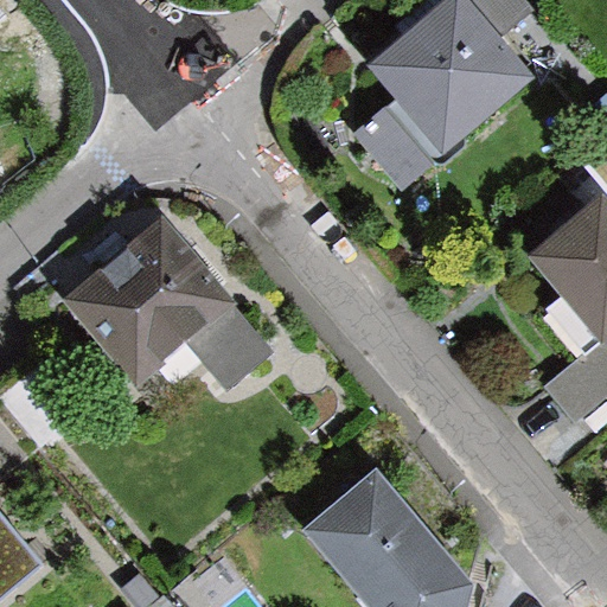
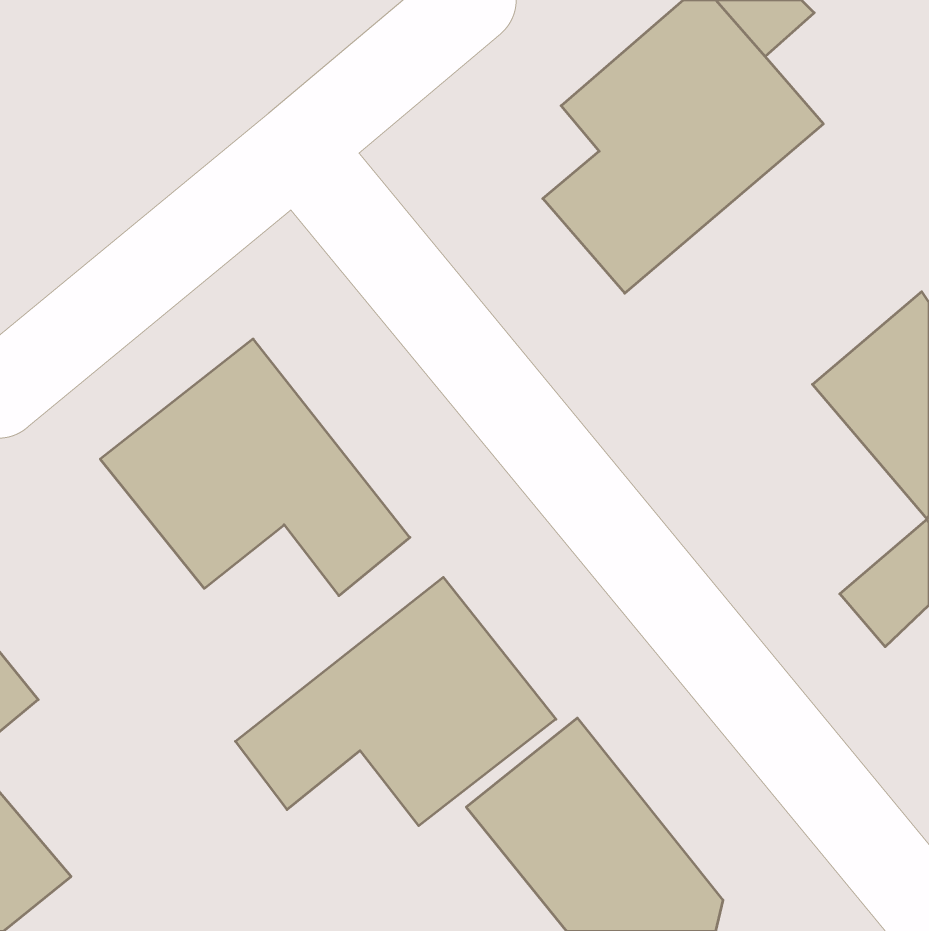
building: none -> [235,577,556,826]

